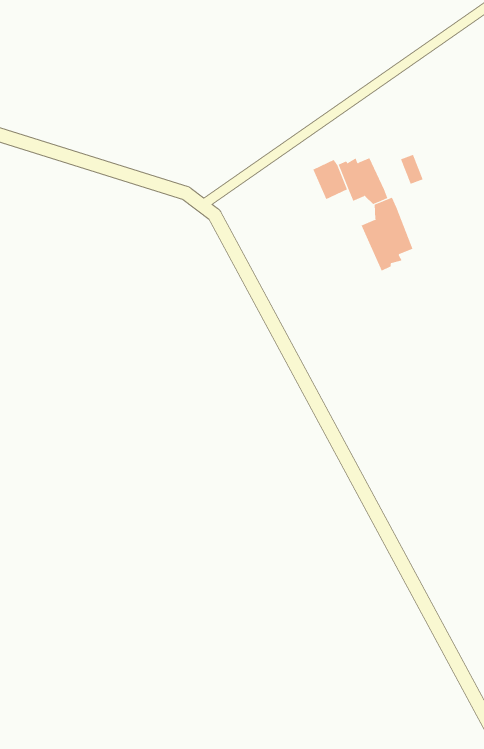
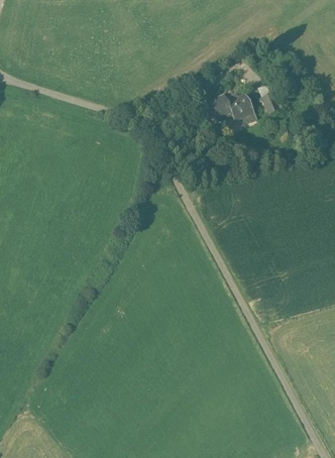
building: [361,197,413,271] -> none

